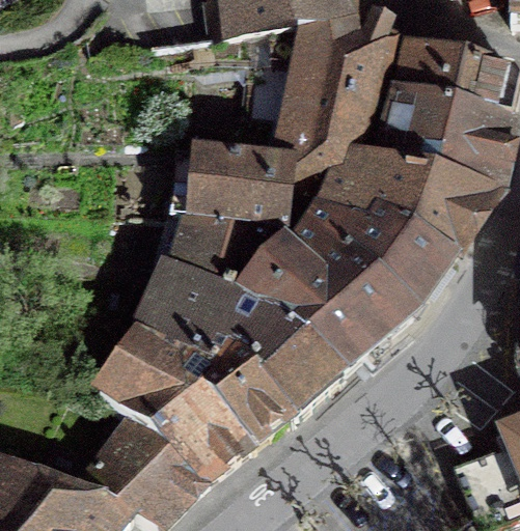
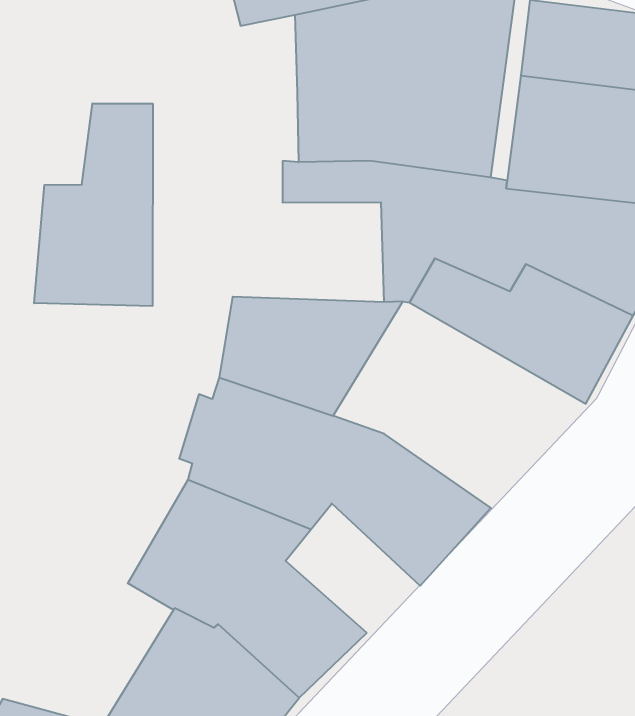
building: none -> [34,103,153,306]
building: [180,150,301,225] -> none
building: [254,226,422,367] -> none
building: [213,353,299,441] -> none

